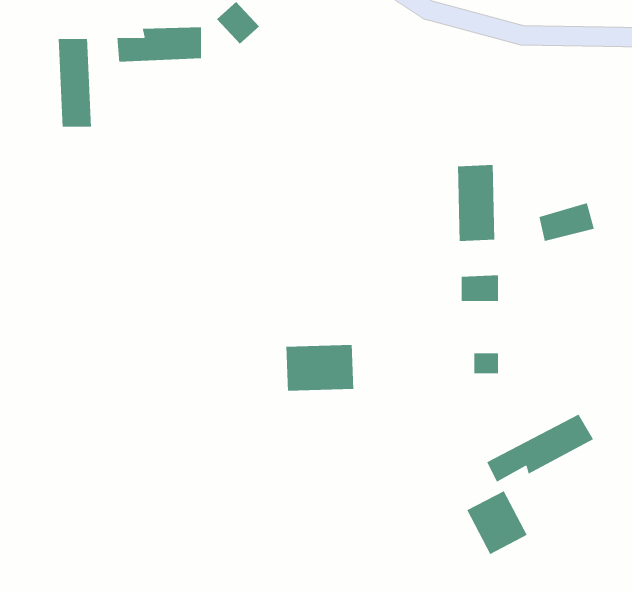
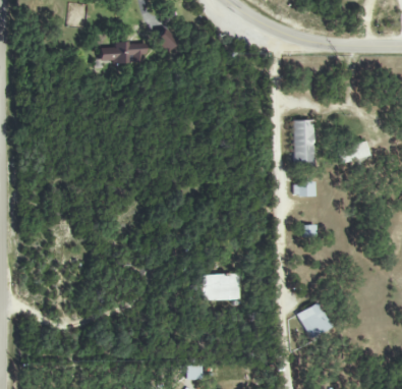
building: [58,38,92,128] -> none
building: [285,344,354,391] -> [204,274,242,300]
building: [486,414,594,483] -> none

